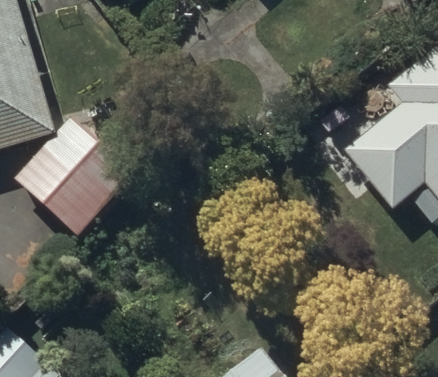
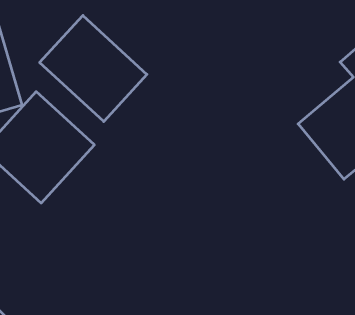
building: none -> [40,15,147,122]

